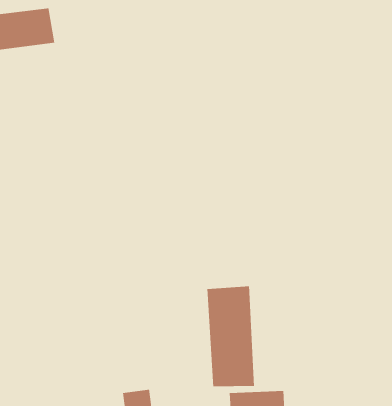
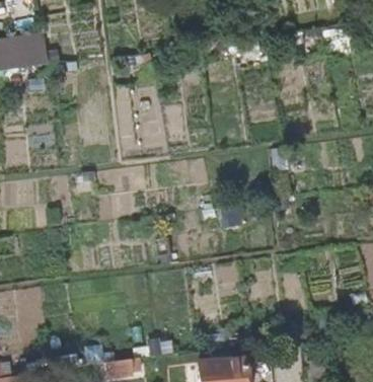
building: [207,285,254,387] -> none

